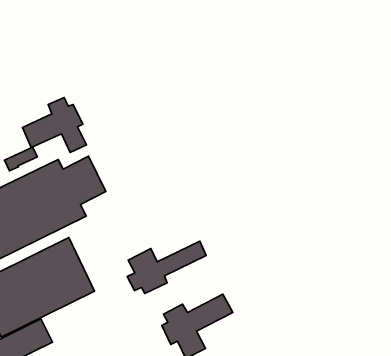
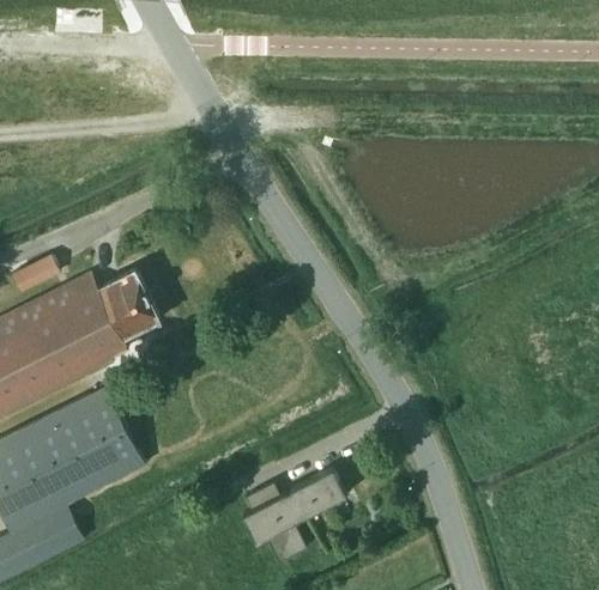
building: [22,98,86,153] -> none
building: [127,241,206,294] -> none

